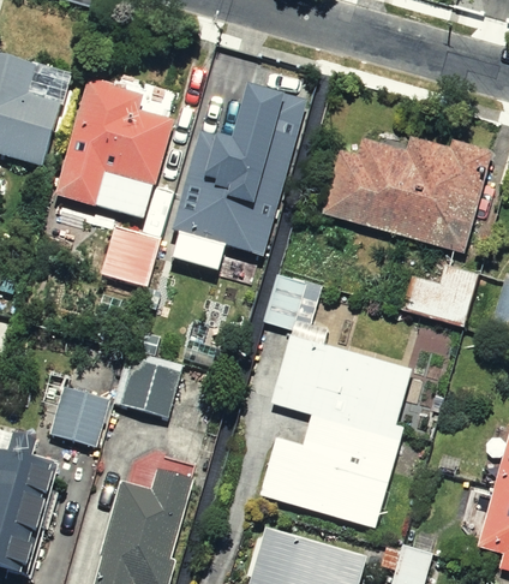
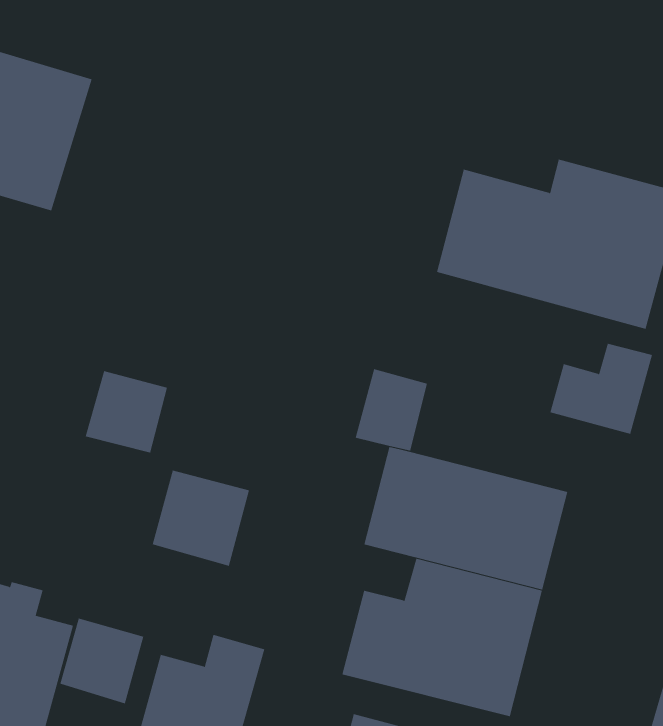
building: [59,79,176,216] -> none
building: [173,84,305,255] -> none
building: [103,227,162,286] -> [85,370,168,453]
building: [52,387,112,448] -> [60,618,144,704]

